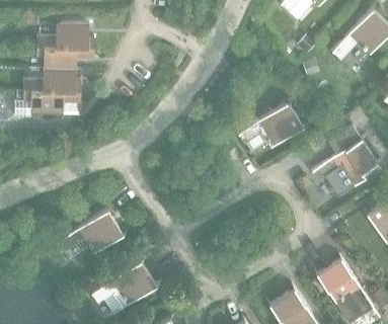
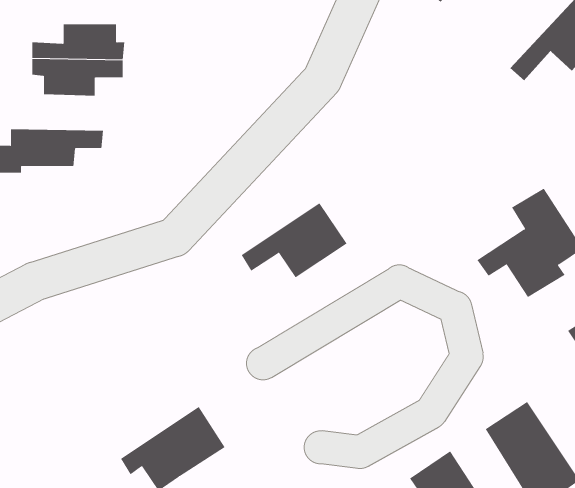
building: [23,69,81,91] -> none
building: [238,102,304,149] -> [241,203,348,278]
building: [58,210,124,254] -> none

